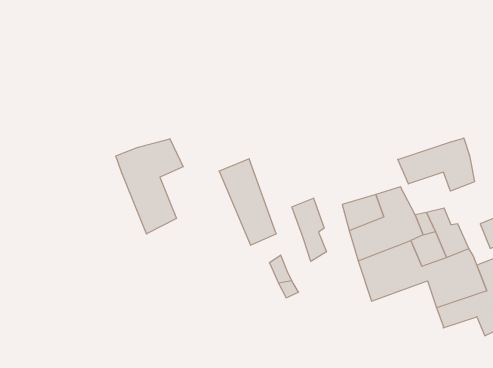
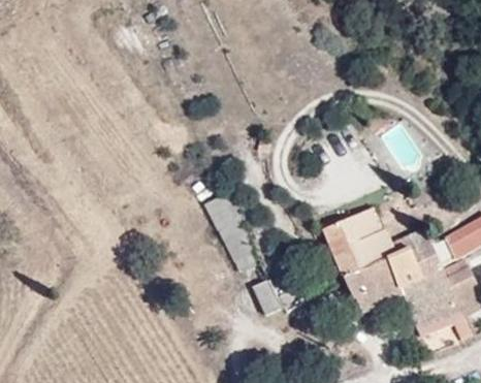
building: [398,138,475,191] -> none
building: [116,139,183,234] -> none
building: [292,198,326,261] -> none

